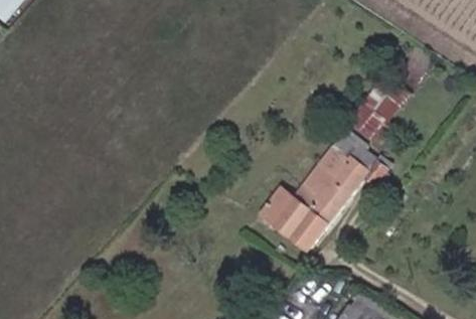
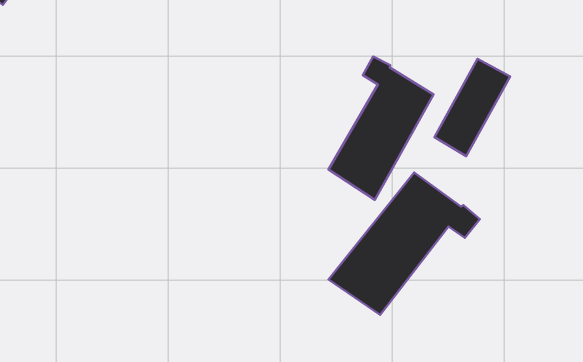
building: none -> [328,56,433,200]

